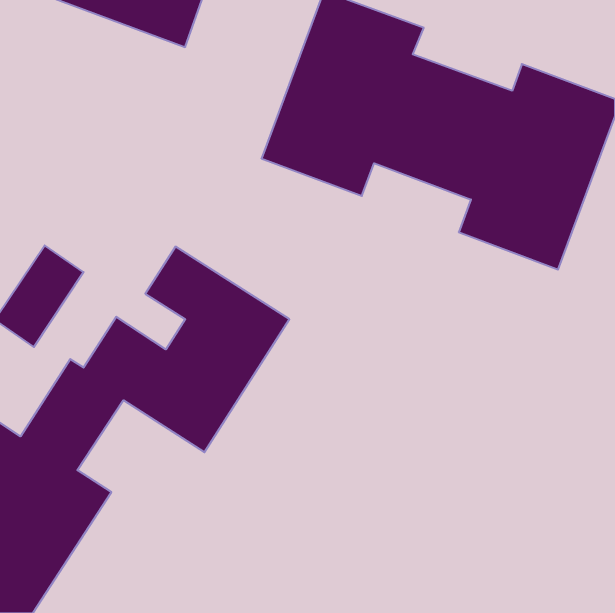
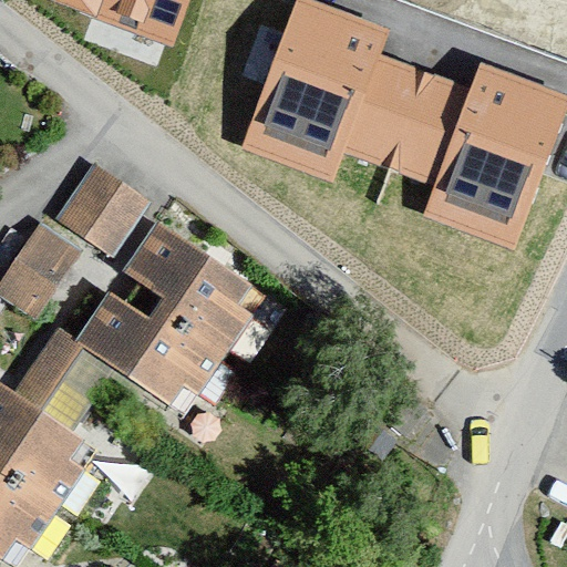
building: none -> [49,159,147,256]

